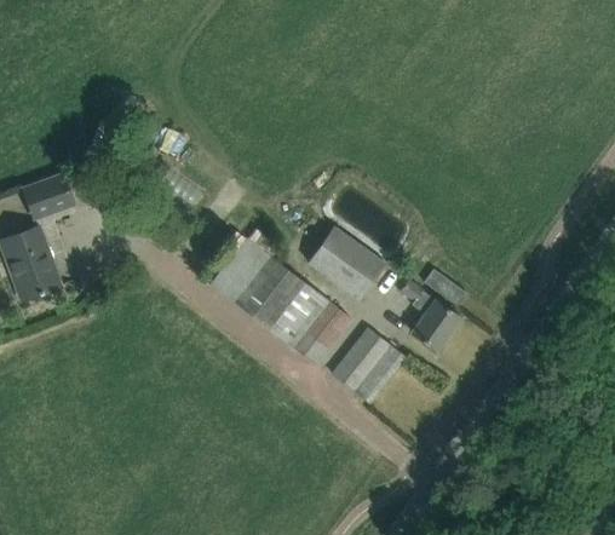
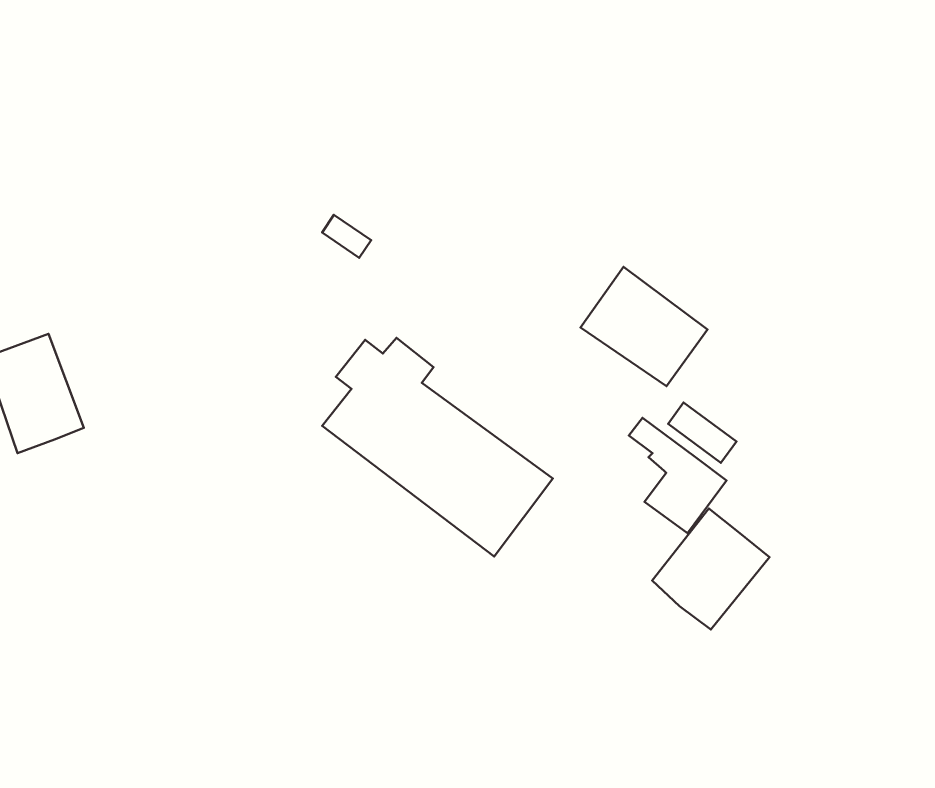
building: [21,171,77,220] -> none
building: [309,225,387,299] -> [581,267,708,386]
building: [333,327,406,402] -> [652,508,769,629]

